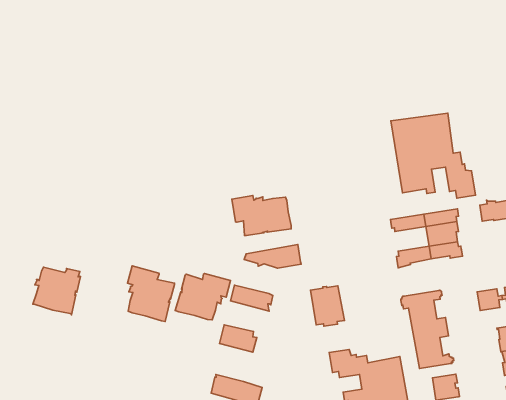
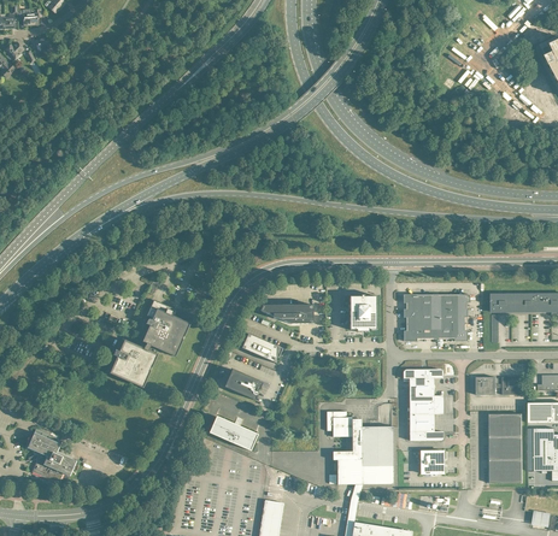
building: [391,113,476,198] -> none
building: [232,196,291,236] -> none
building: none -> [405,306,437,325]
building: [33,267,81,315] -> [108,338,158,388]
building: [175,273,231,320] -> none
building: [311,286,345,326] -> [350,294,377,331]

